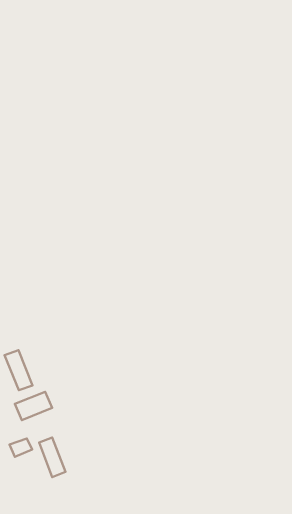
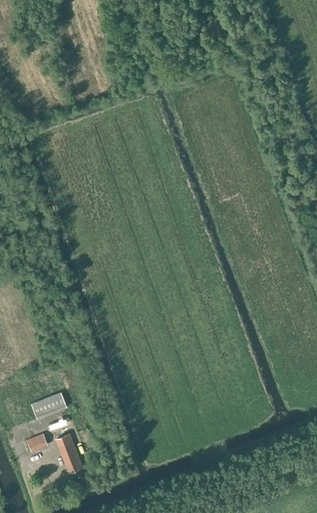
building: [5,350,33,390] -> none

